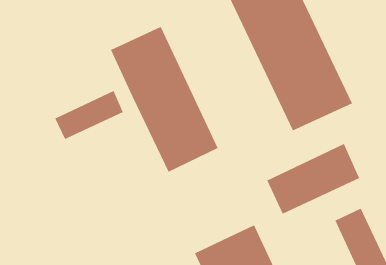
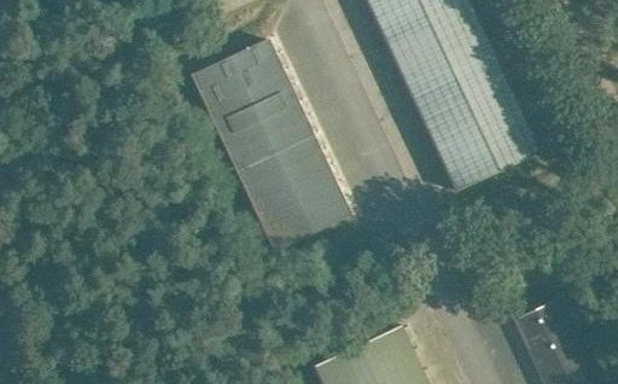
building: [55,90,123,140] -> none
building: [266,143,360,215] -> none

